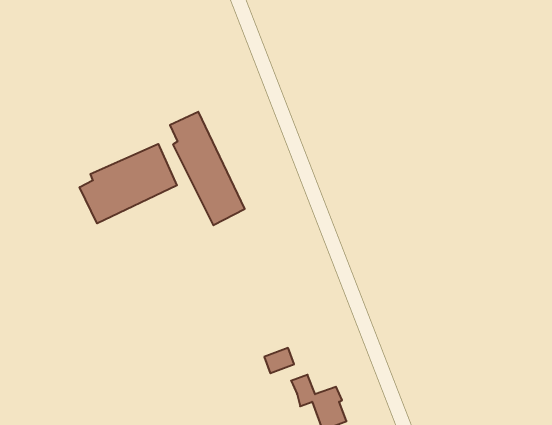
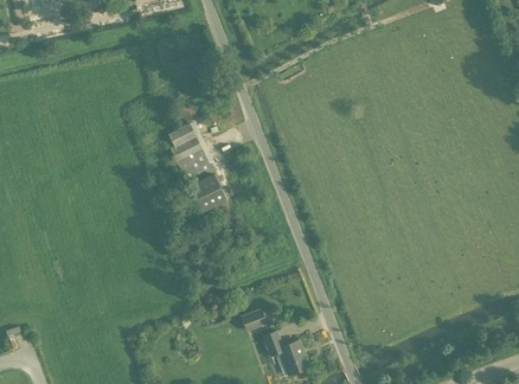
building: [80,144,177,223] -> none

